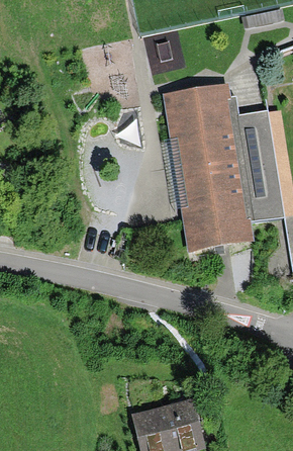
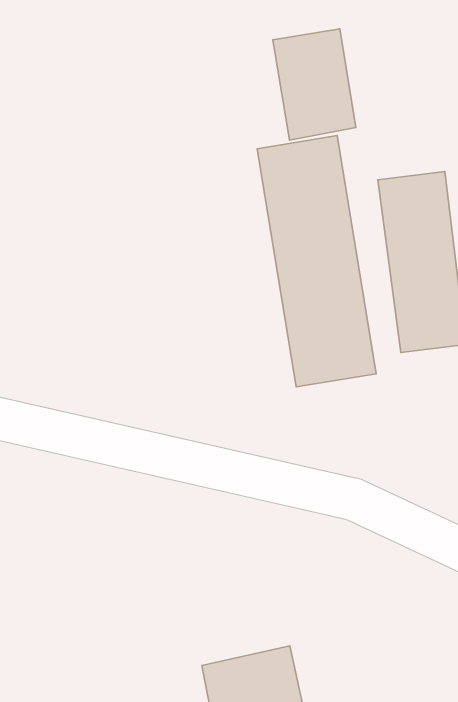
building: none -> [273,29,356,140]

